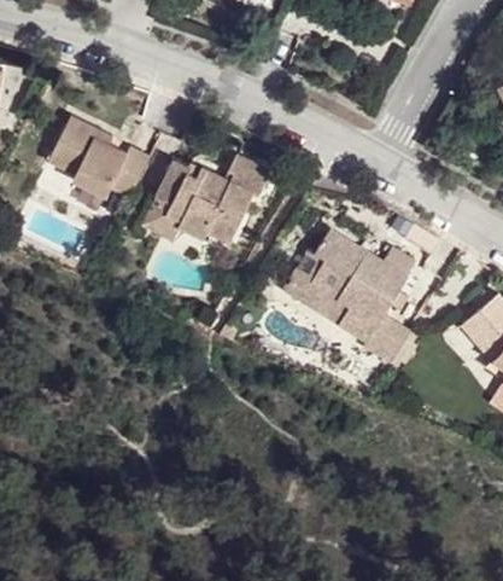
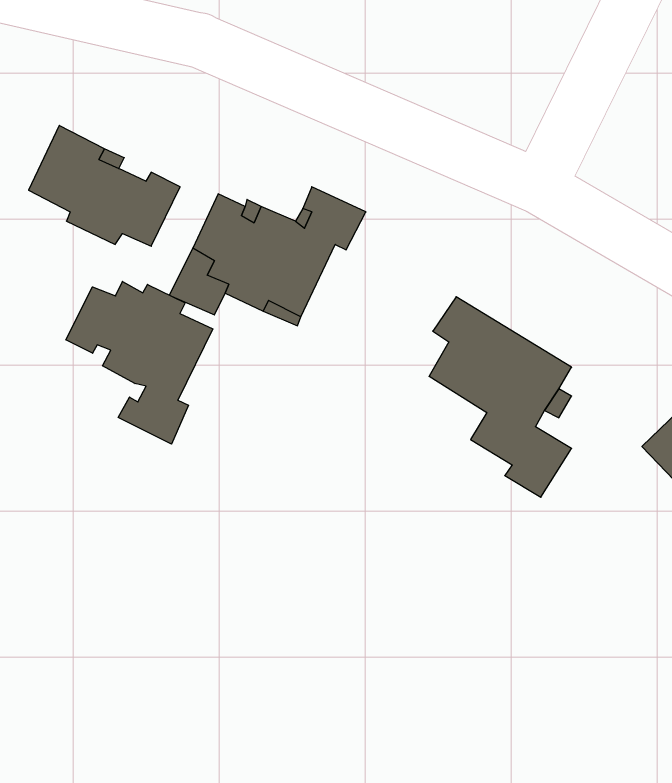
building: none -> [66,281,213,444]
building: [286,248,353,324] -> none

